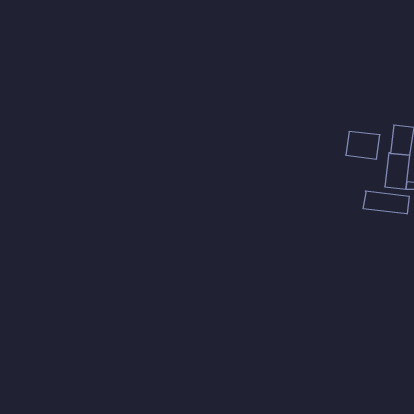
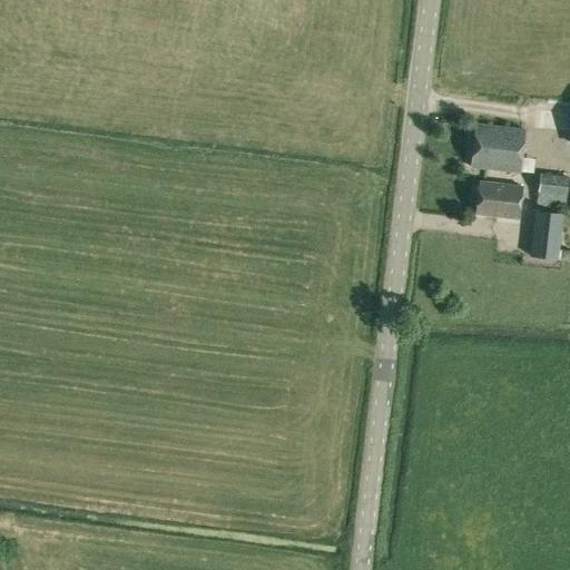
building: none -> [471,124,524,171]
building: [363,191,409,214] -> none

